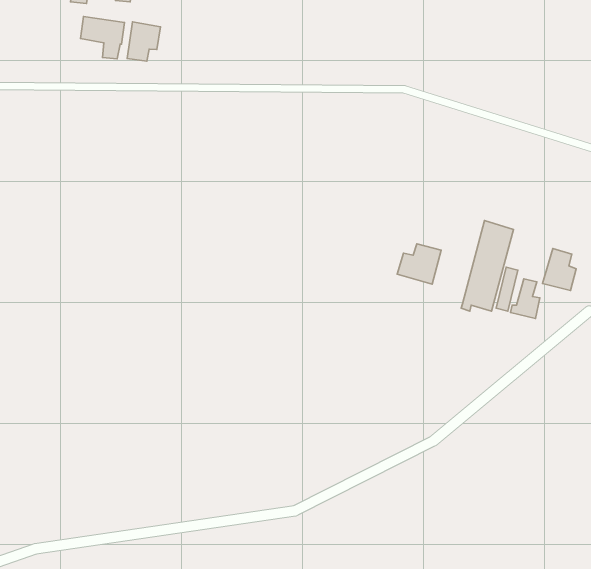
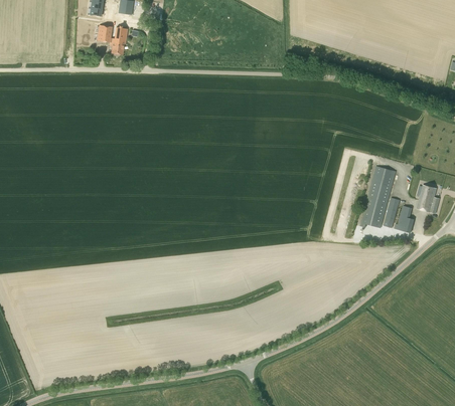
building: [127,22,161,61] -> none
building: [397,244,441,284] -> none

